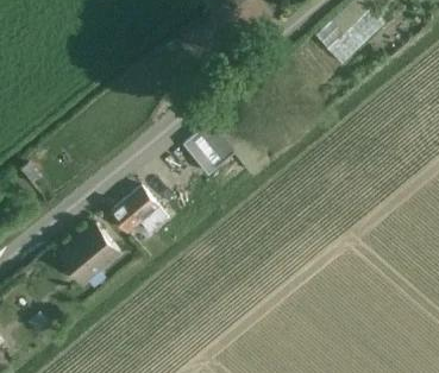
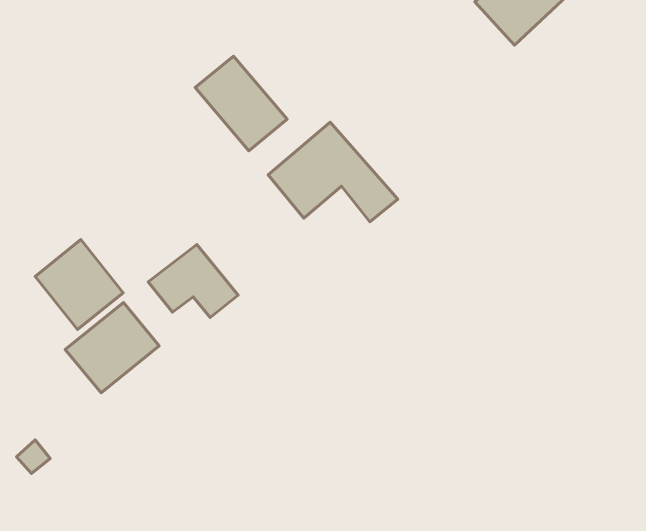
building: none -> [195,56,287,151]
building: none -> [35,239,123,330]

